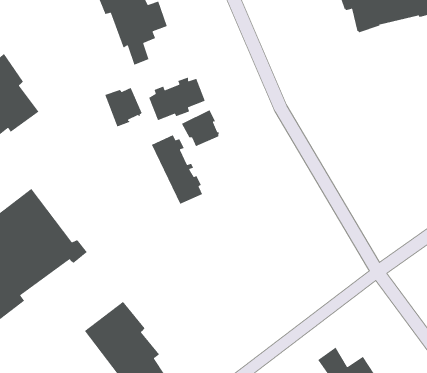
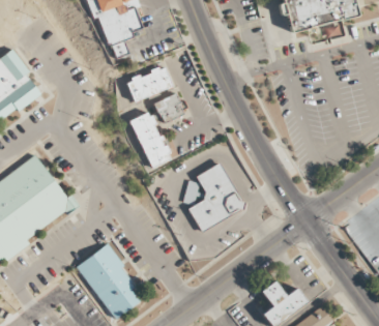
building: [104,87,142,127] -> none
building: none -> [184,160,250,230]

